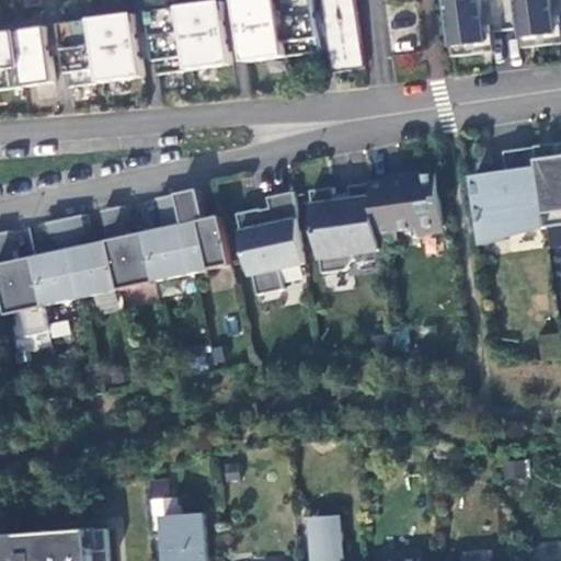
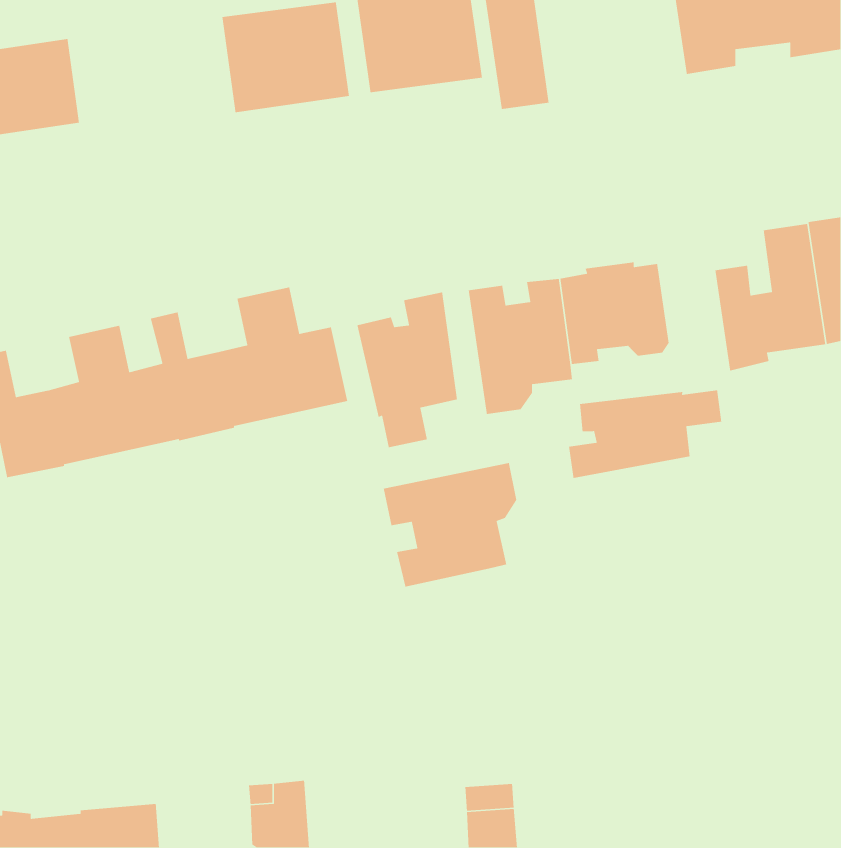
building: [58,13,141,87] -> none
building: none -> [568,389,722,479]
building: none -> [383,462,517,587]

